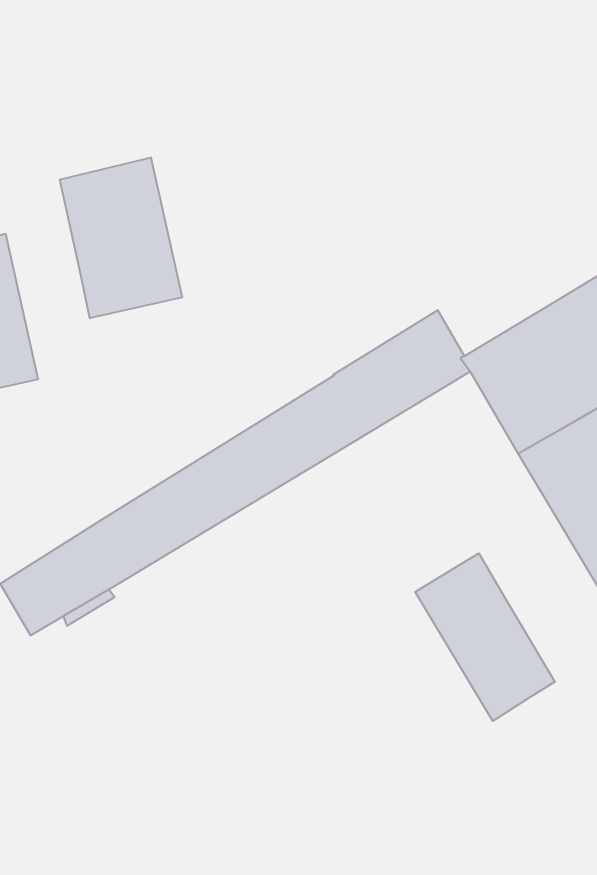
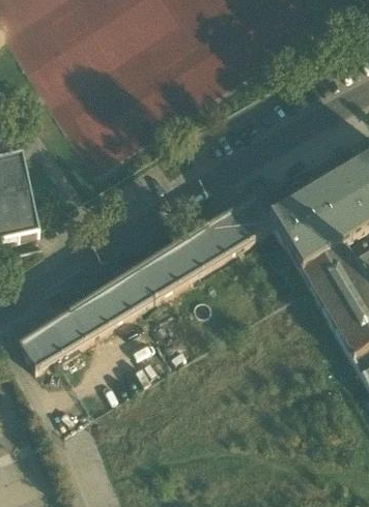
building: [60,157,182,318] -> none
building: [415,553,555,721] -> none

